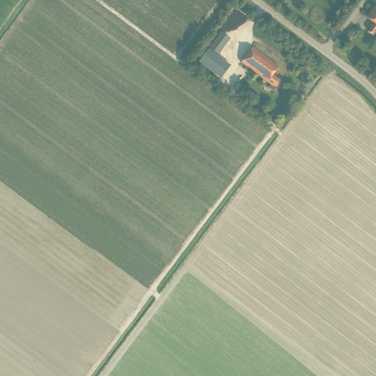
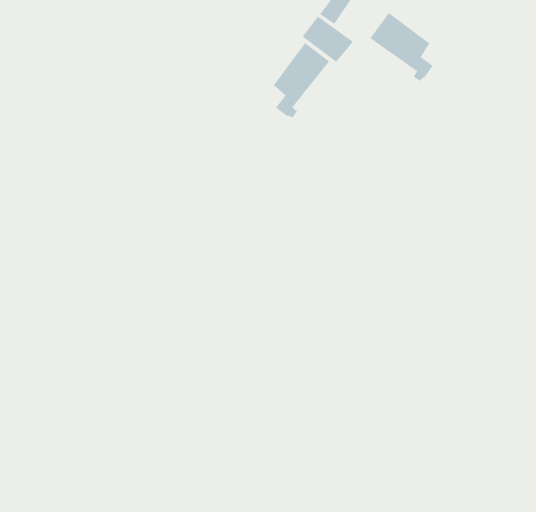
building: none -> [273,42,330,118]

